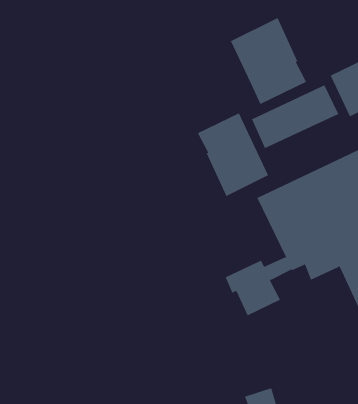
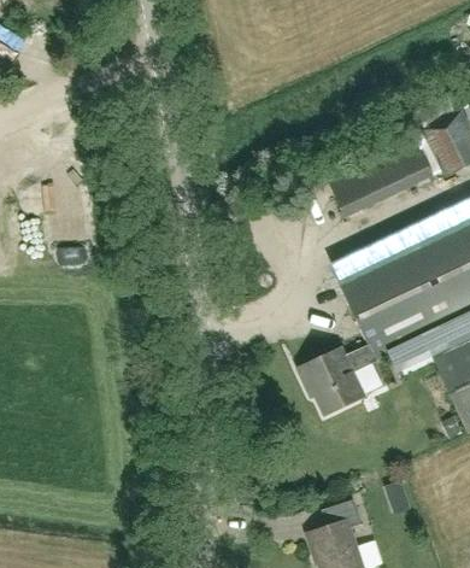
building: [230,17,307,105] -> none
building: [197,112,269,197] -> none

